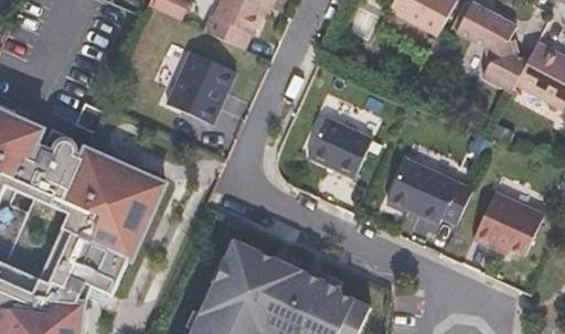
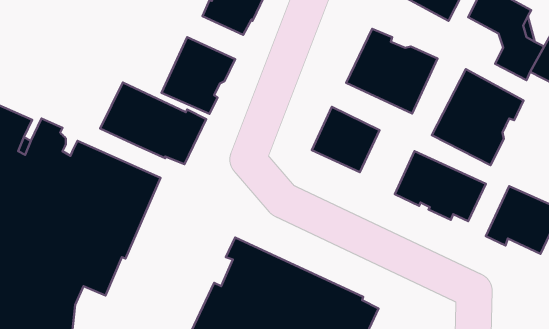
building: none -> [346,29,437,113]
building: none -> [432,69,524,165]
building: none -> [100,83,206,164]

